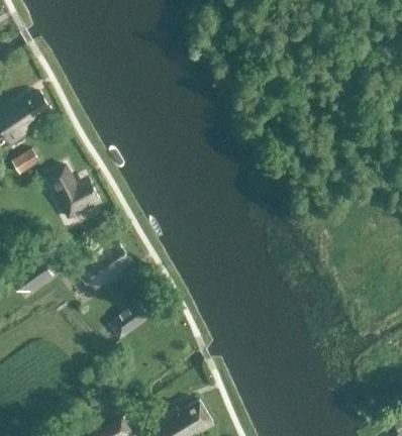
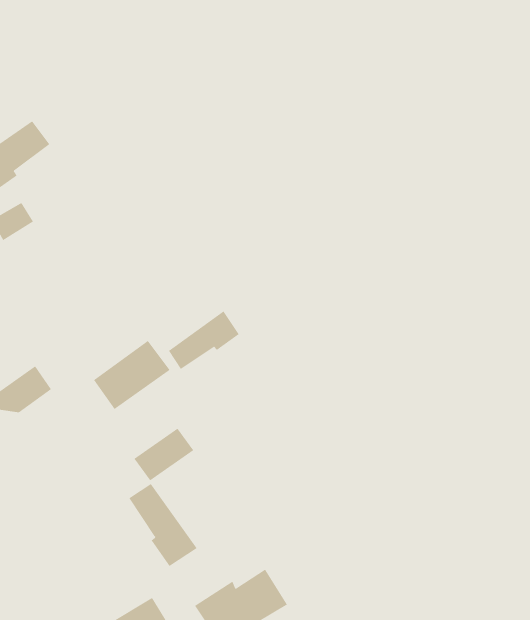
building: [44,166,99,217] -> none
building: none -> [168,310,239,370]
building: none -> [128,483,198,567]

